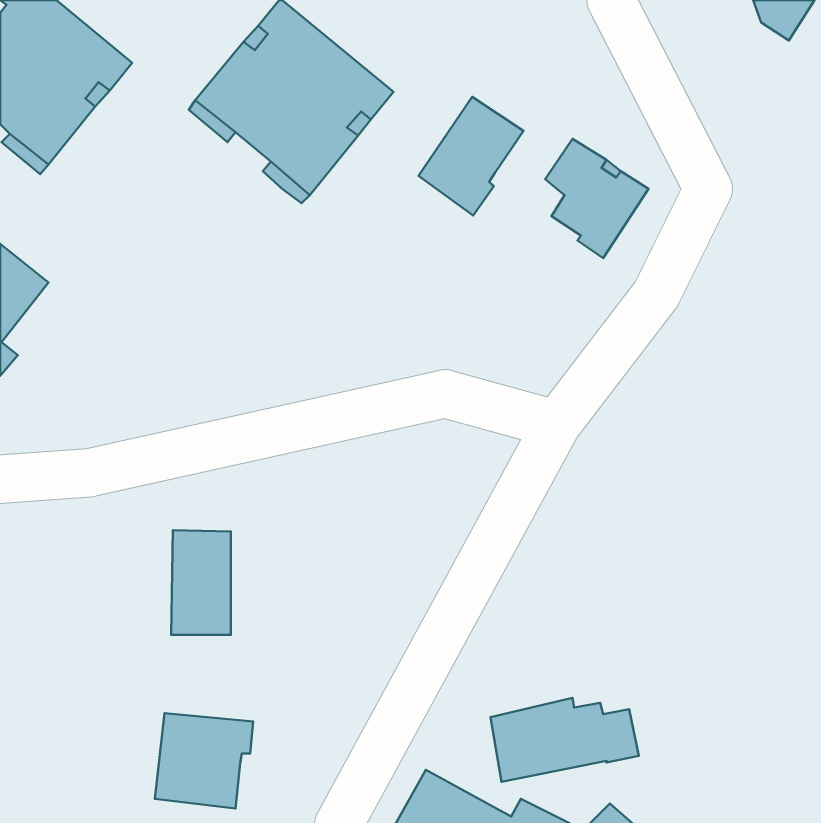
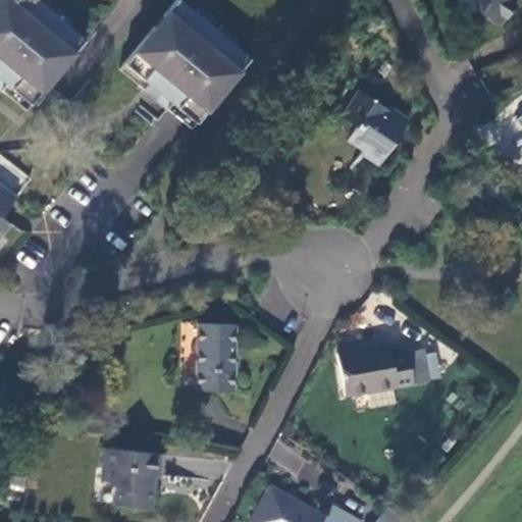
building: [419,97,524,216] -> none
building: [171,530,231,635] -> [196,322,233,388]
building: [490,698,639,782] -> [338,340,432,393]

